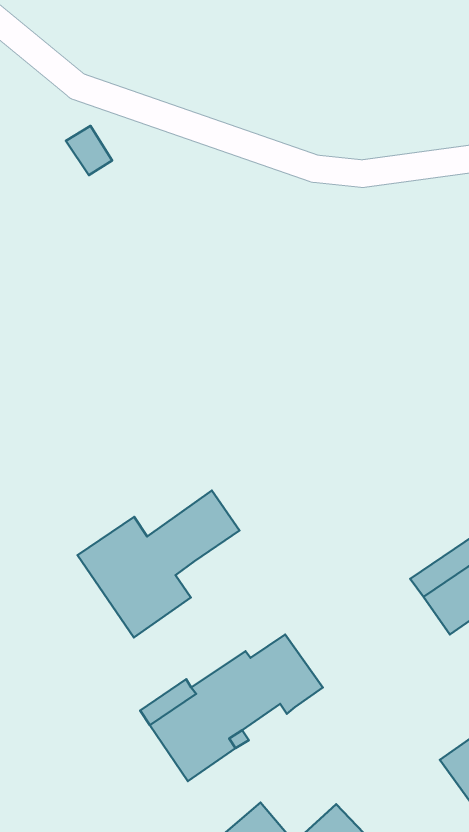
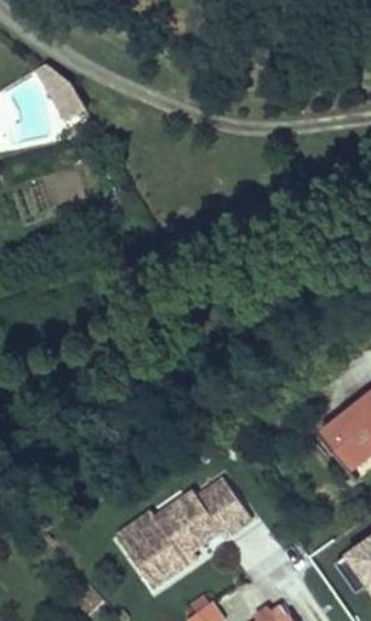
building: [78,491,239,638] -> none

